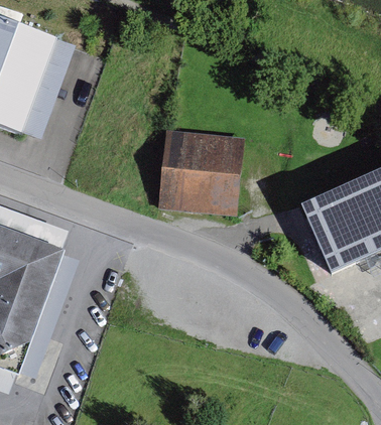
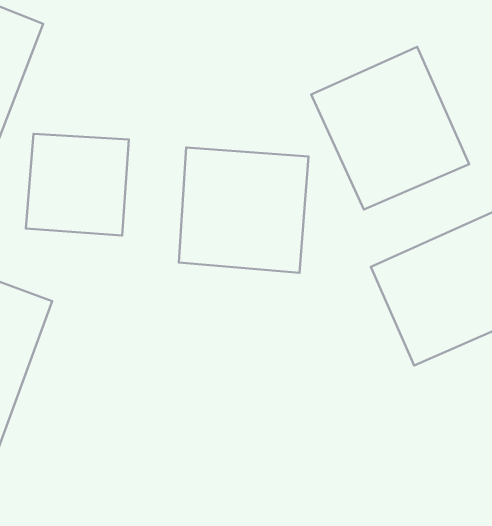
building: none -> [311,47,469,210]
building: none -> [26,134,129,236]

